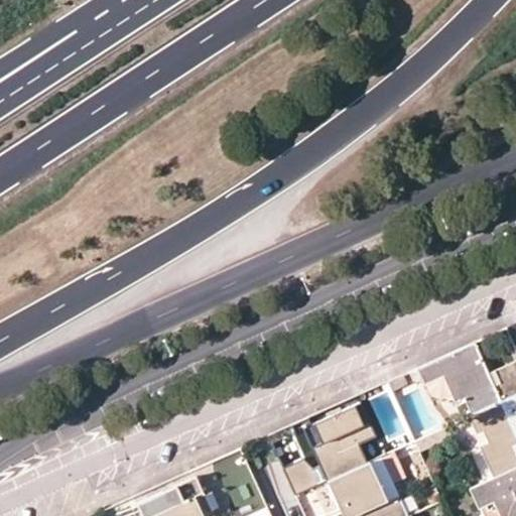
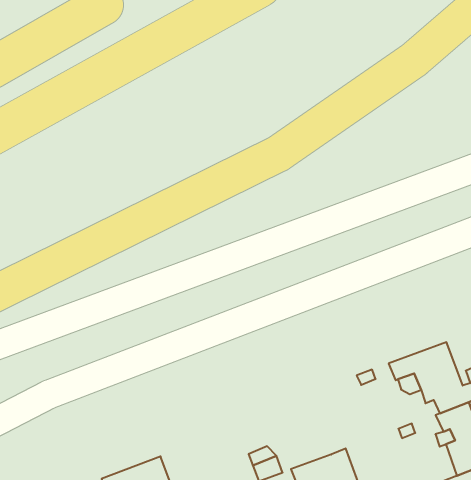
building: [305,407,376,485] -> none

